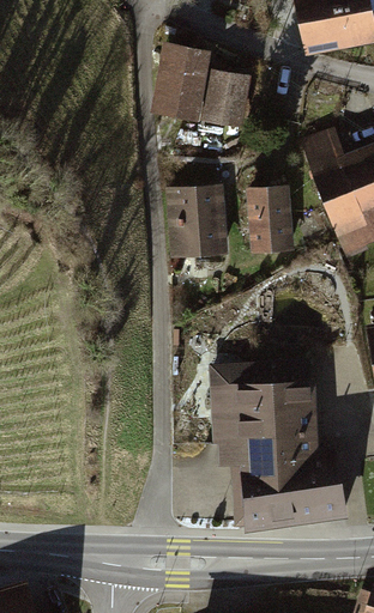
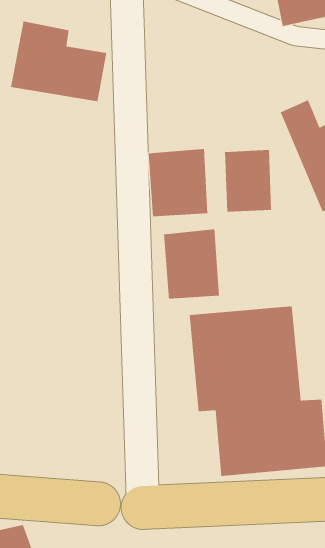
building: [152,43,254,128] -> [10,21,107,102]
building: none -> [163,229,219,300]

